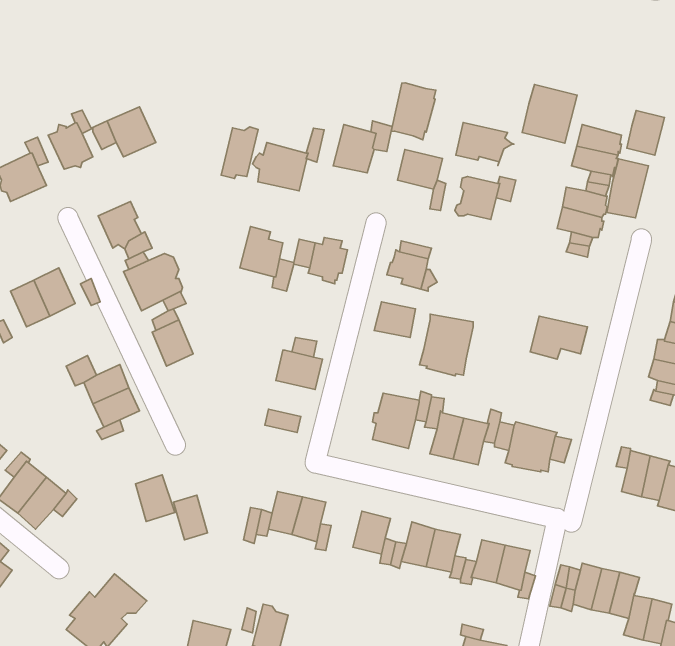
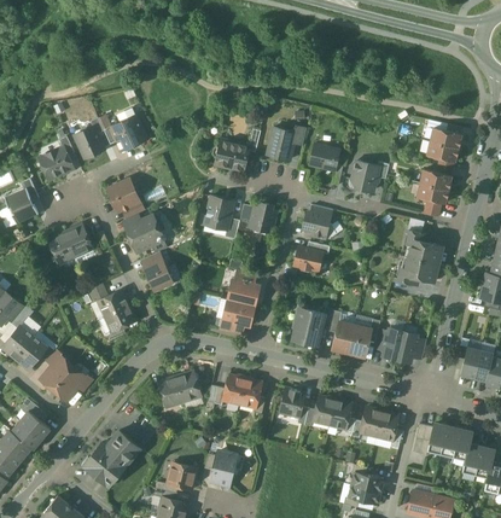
building: [391,83,436,140] -> none
building: [522,85,577,143] -> none
building: [627,111,664,155] -> none
building: [456,123,514,165] -> none
building: [221,127,258,179] -> none
building: [607,159,648,218] -> none
building: none -> [406,231,443,263]
building: [420,314,473,376] -> none
building: none -> [223,299,255,325]
building: [135,475,175,521] -> [175,371,202,402]

